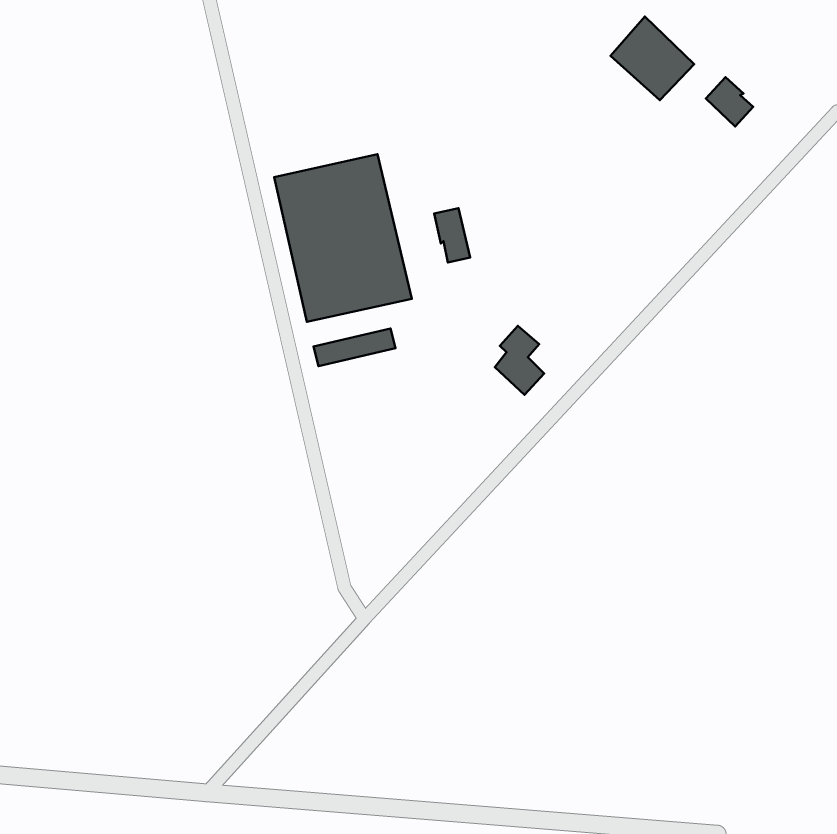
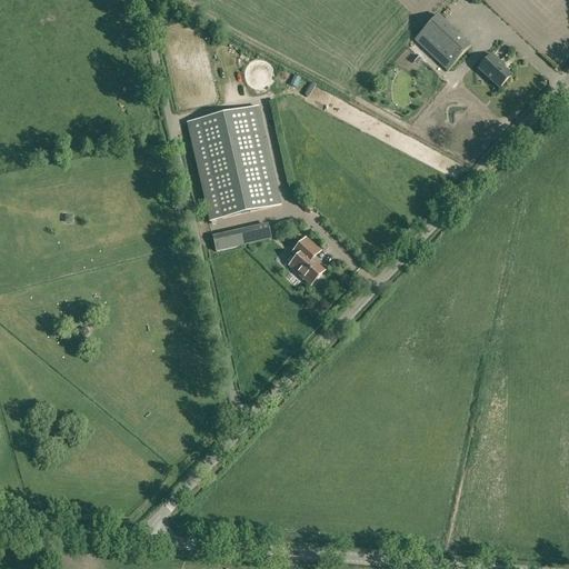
building: [434,208,470,263] -> none
building: [495,326,544,395] -> [289,236,322,282]

